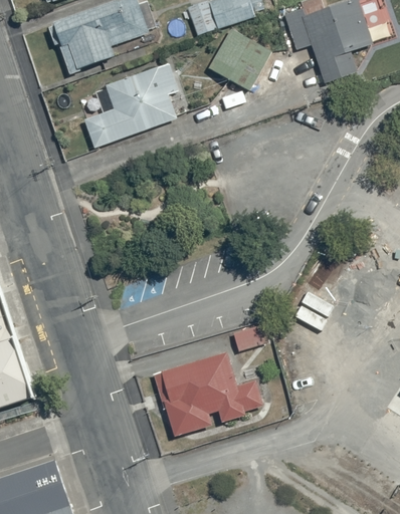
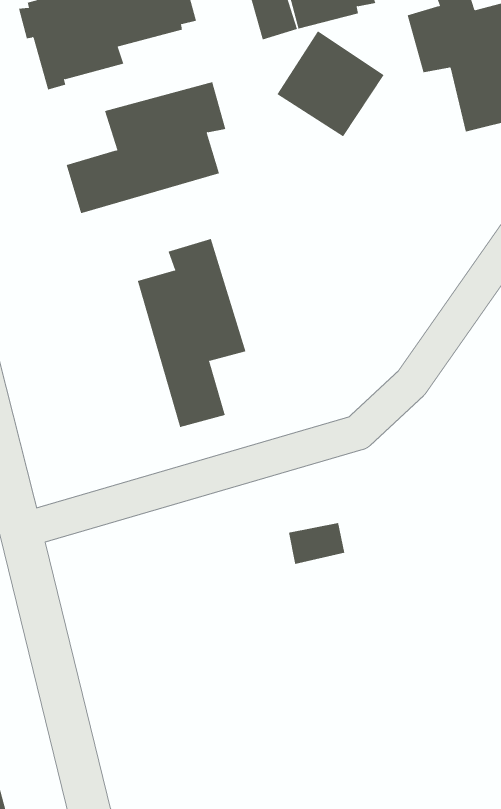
building: none -> [137,238,246,428]
building: [152,351,261,436] -> none

